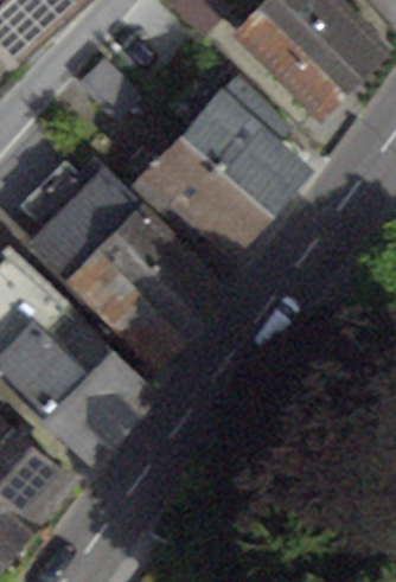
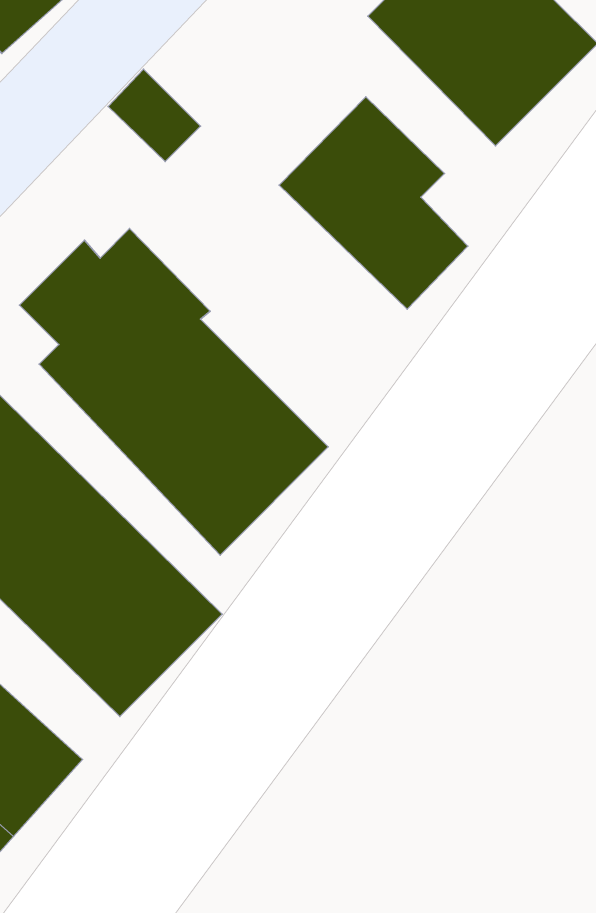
building: [135,139,264,252] -> none

